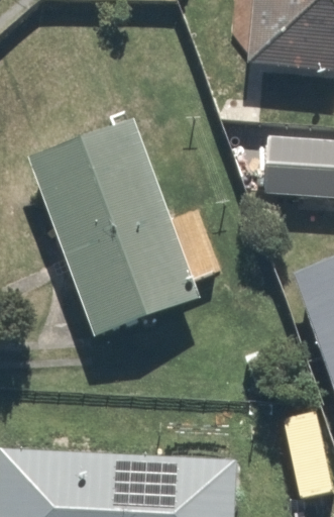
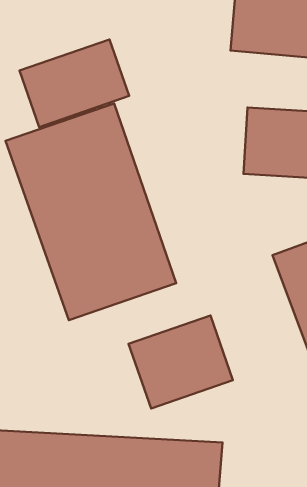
building: none -> [20,39,129,127]
building: none -> [129,316,233,409]

